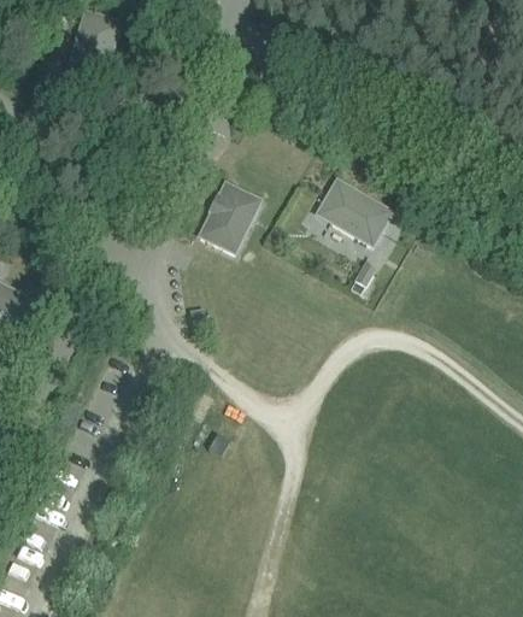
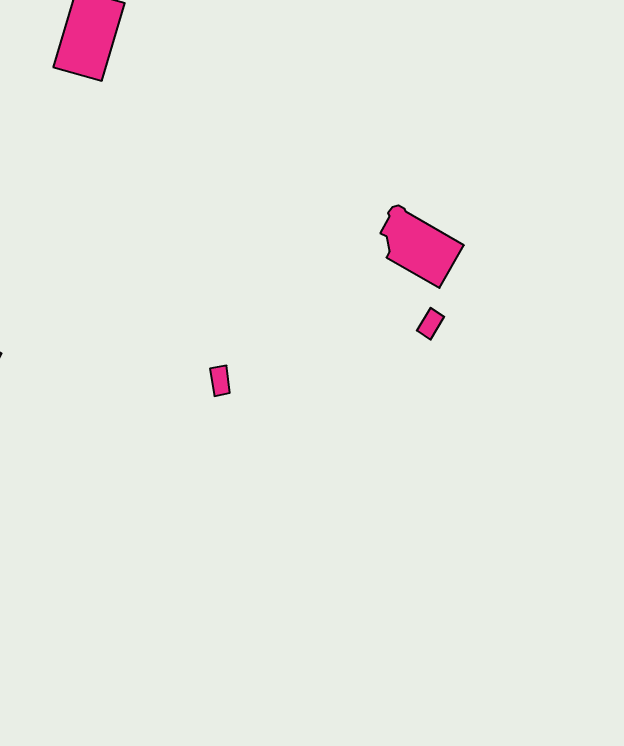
building: [199,183,259,252] -> none

